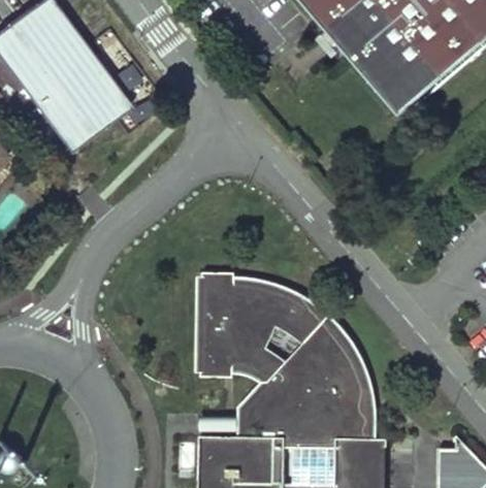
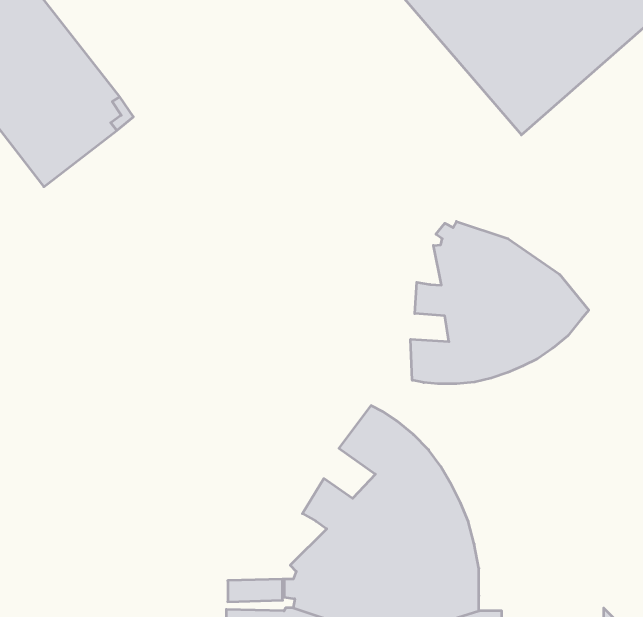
building: none -> [411,221,589,384]
building: [198,270,296,377] -> none

